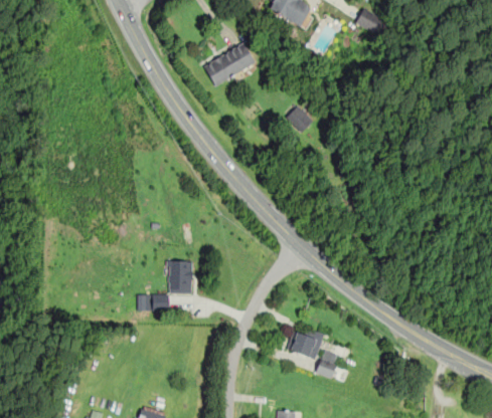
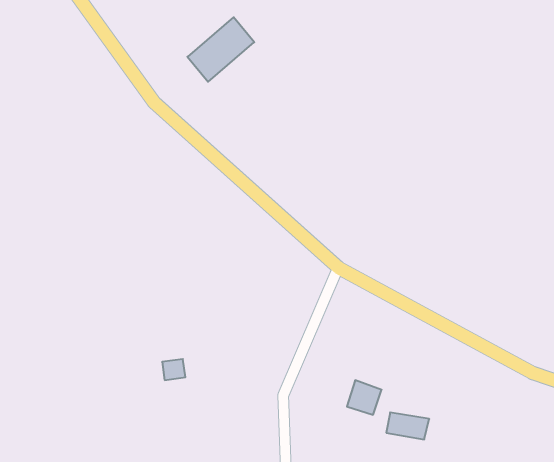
building: [287,106,314,134] -> none
building: [168,261,189,294] -> none

